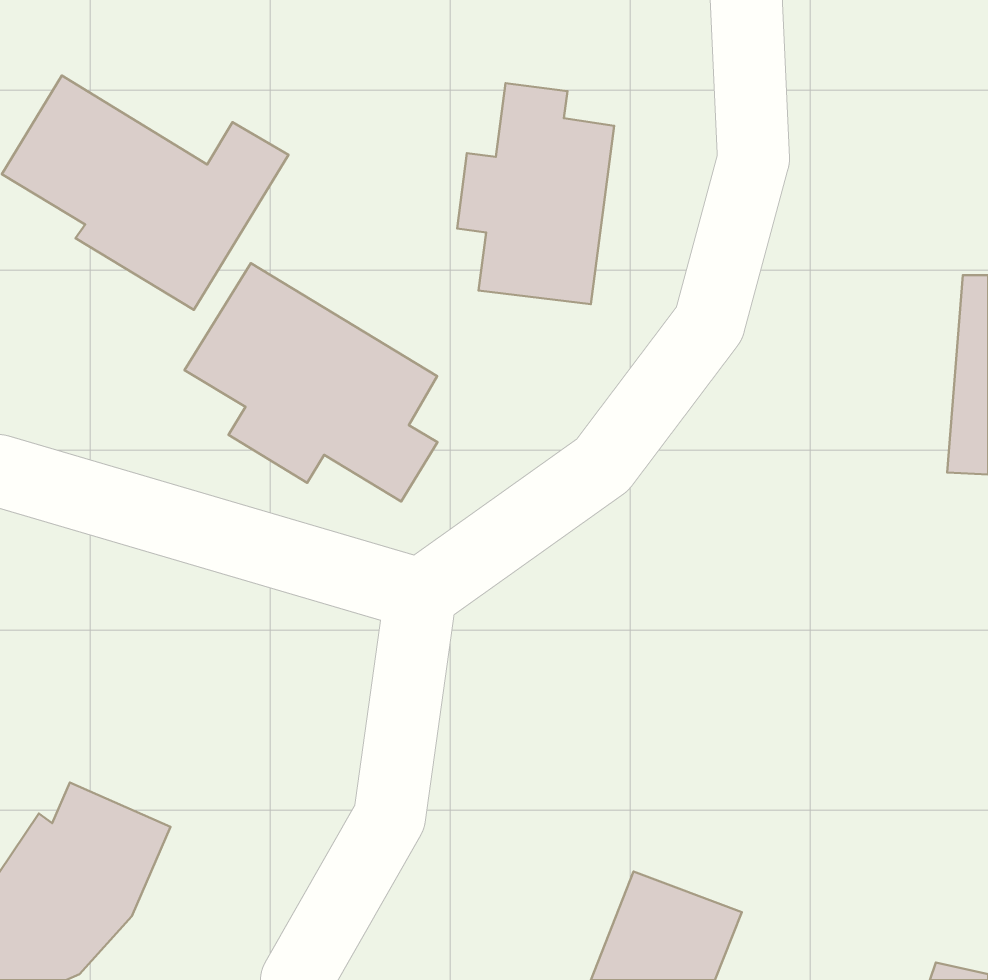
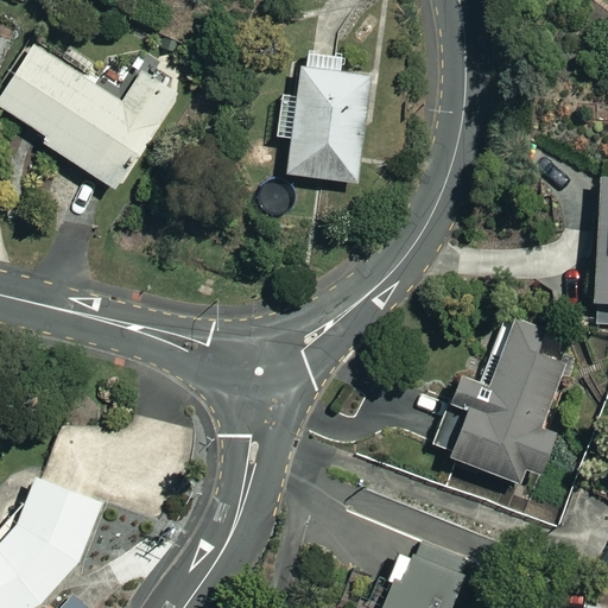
building: [184,263,438,501] -> none
building: none -> [431,310,564,473]

